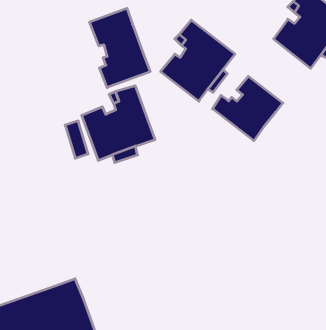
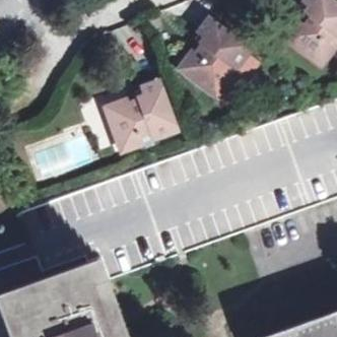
building: [90,8,150,88] -> none
building: [212,76,283,141] -> none

